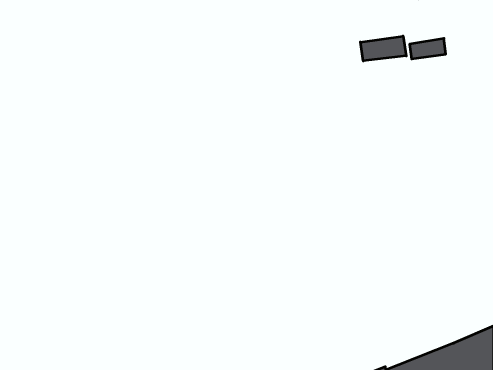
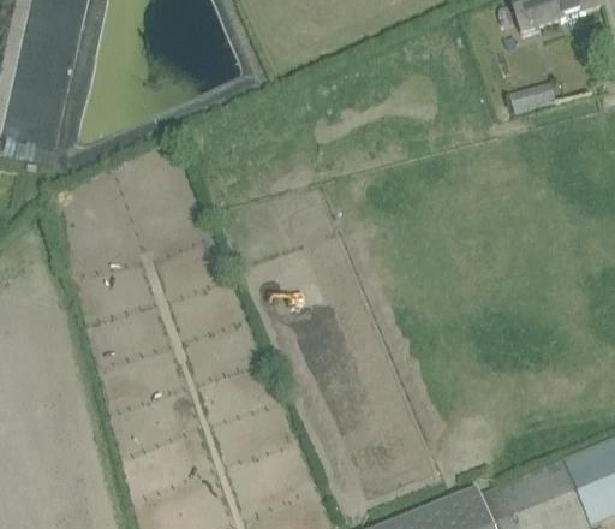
building: [360,36,406,61] -> none

